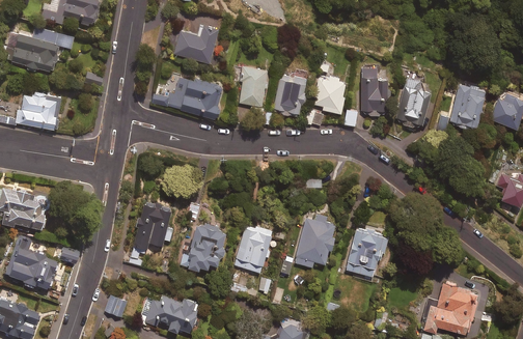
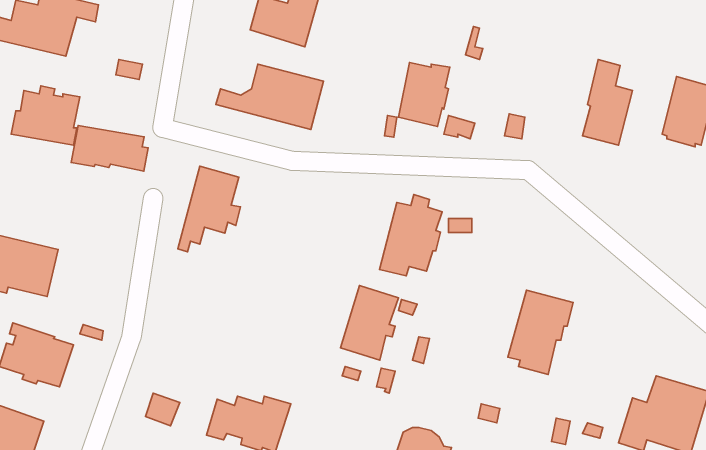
building: [239,66,269,107] -> none
building: [361,67,386,115] -> none
building: [312,75,345,113] -> none
building: none -> [71,125,148,171]
building: [131,201,172,258] -> [178,166,240,252]
building: [294,213,335,266] -> [380,195,442,276]
building: [186,223,226,270] -> none

